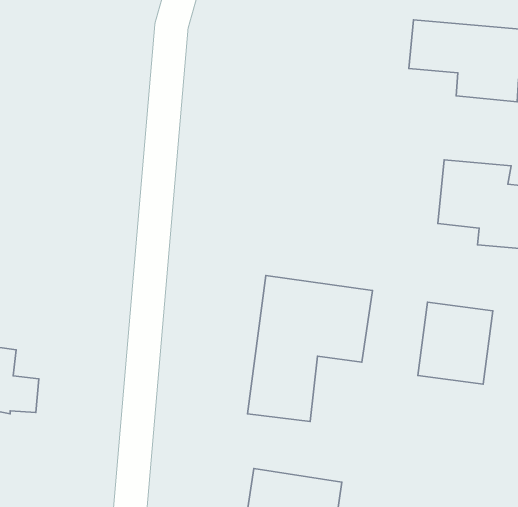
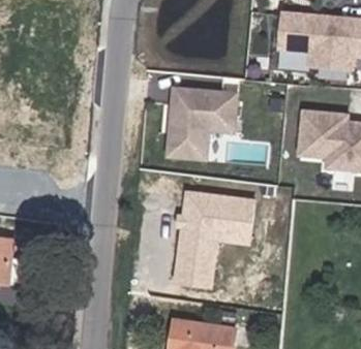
building: none -> [167,87,237,159]
building: [418,302,493,384] -> none

